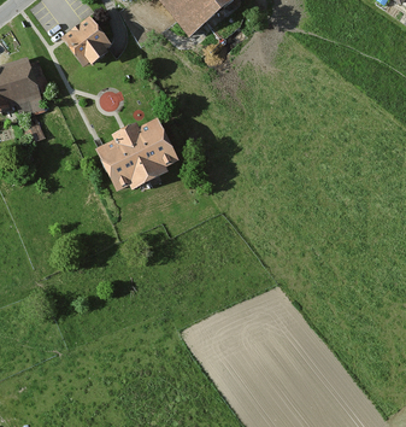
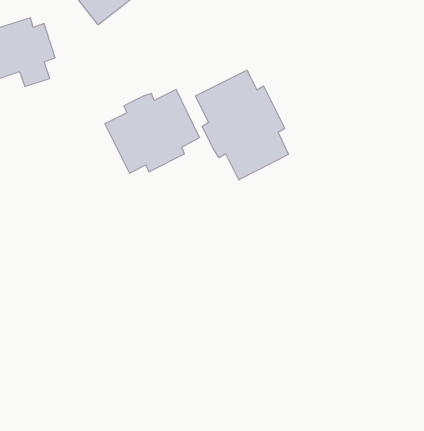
building: none -> [195,70,288,180]

